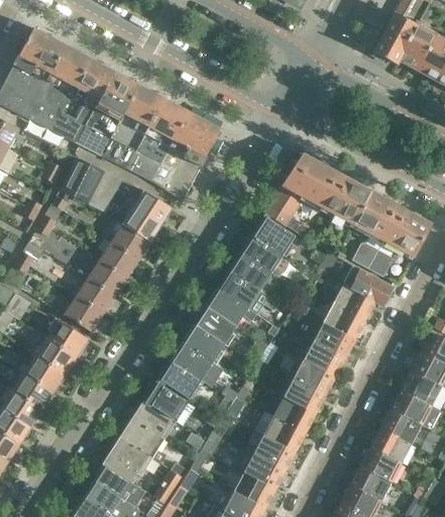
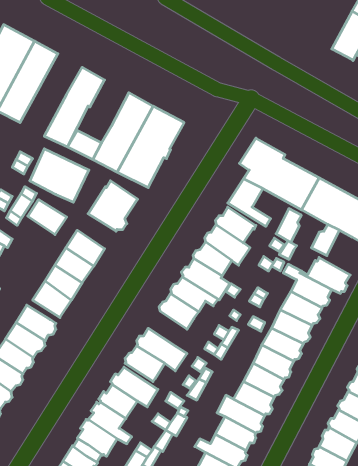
building: [50,59,115,143] -> none
building: [123,85,163,133] -> none
building: [110,224,150,261] -> [28,200,67,235]
building: [369,241,396,277] -> [276,209,301,242]
building: [183,325,224,363] -> none

